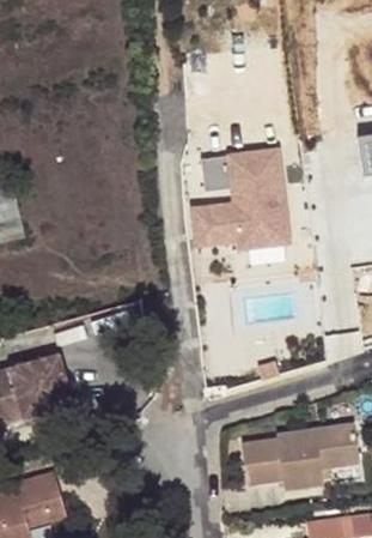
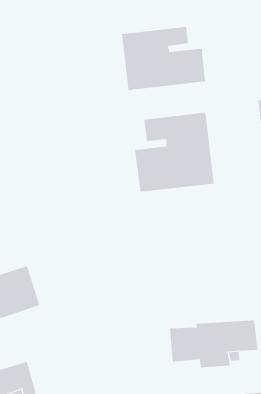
building: none -> [122,26,206,91]

